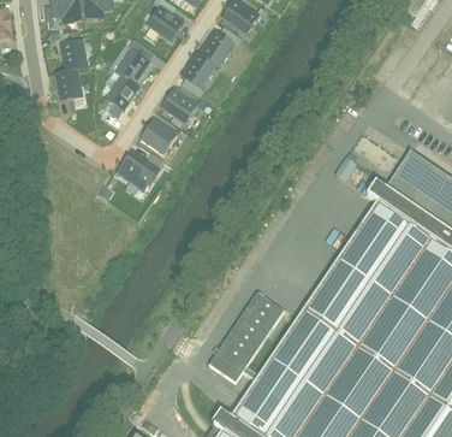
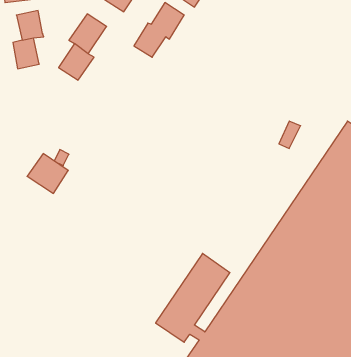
building: [161,84,197,119] -> none
building: [141,114,177,149] -> none
building: [117,146,160,188] -> [27,154,68,193]

